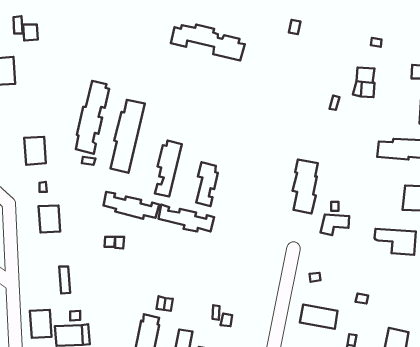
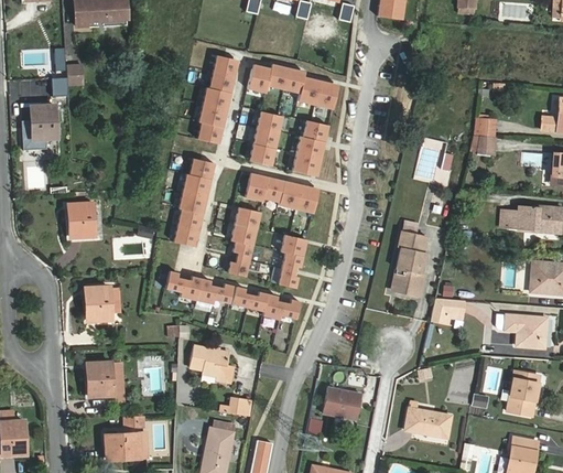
building: none -> [251,112,283,165]
building: none -> [293,120,328,176]
building: [76,81,109,154] -> [197,55,238,144]
building: none -> [243,174,317,214]
building: none -> [190,345,229,377]
building: none -> [507,372,539,416]
building: none -> [323,387,361,419]
building: [30,310,52,338] -> [86,362,112,396]

